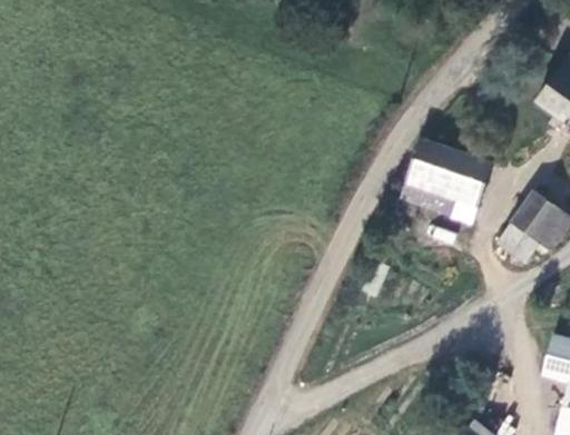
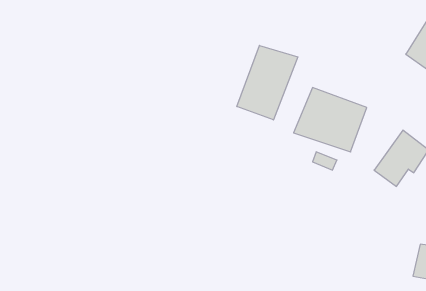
building: none -> [237,45,298,120]

